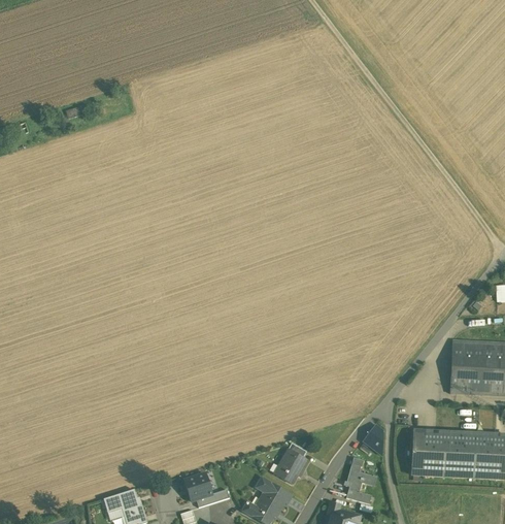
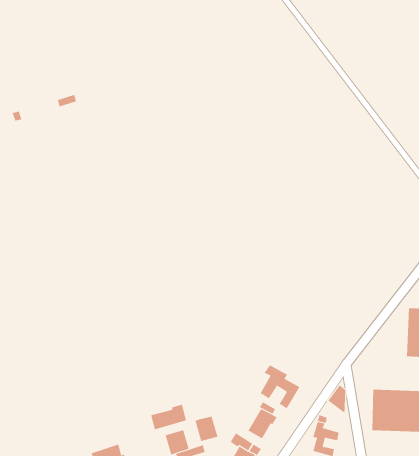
building: none -> [260,364,300,409]
building: none -> [151,404,186,430]
building: none -> [195,416,218,442]

